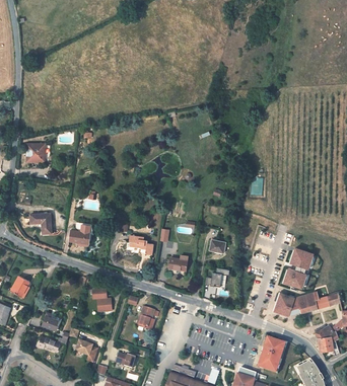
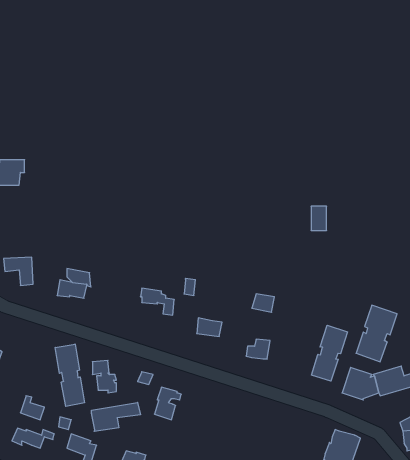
building: none -> [311,325,348,381]
building: none -> [55,344,84,406]
building: none -> [92,402,140,431]

